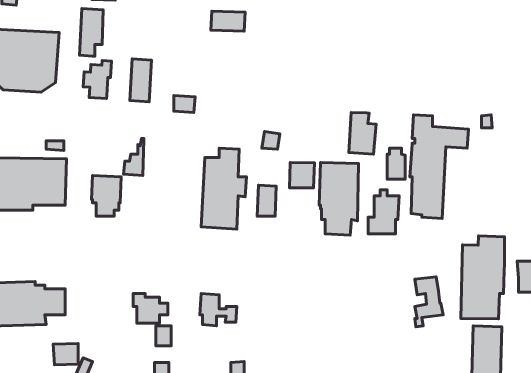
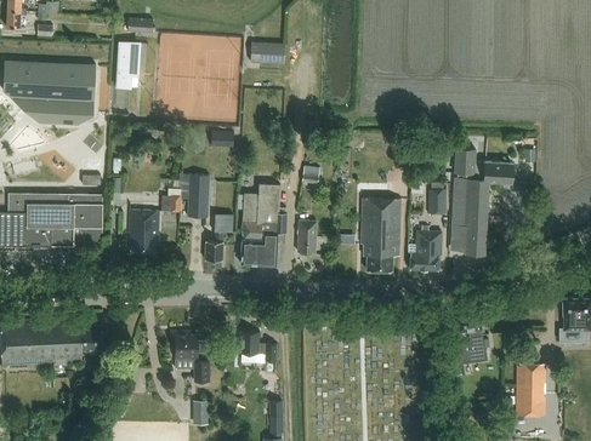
building: [130,59,151,102] -> [187,174,209,218]
building: [83,61,111,99] -> none
building: [349,112,376,154] -> none
building: [289,163,314,188] -> none
building: none -> [205,213,233,260]
building: [461,236,505,319] -> none
building: [53,344,78,365] -> none

